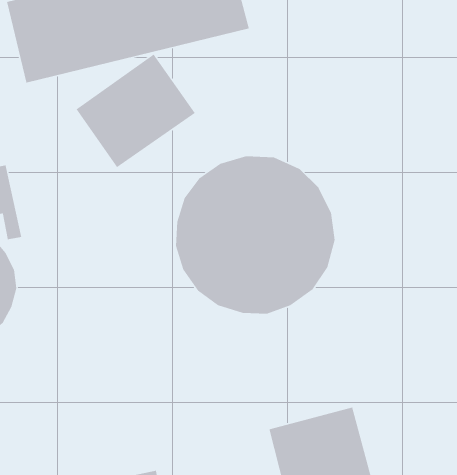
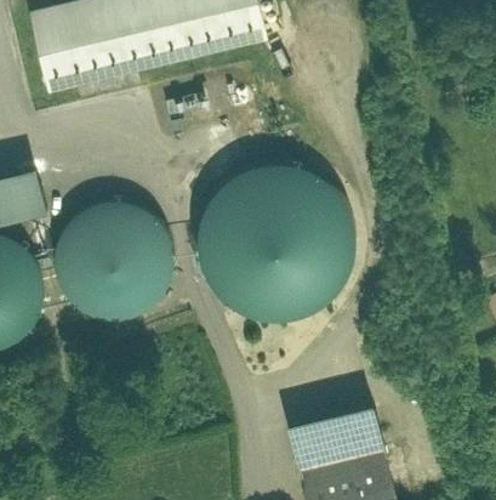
building: [75,54,196,168] -> none
building: none -> [55,204,171,319]

